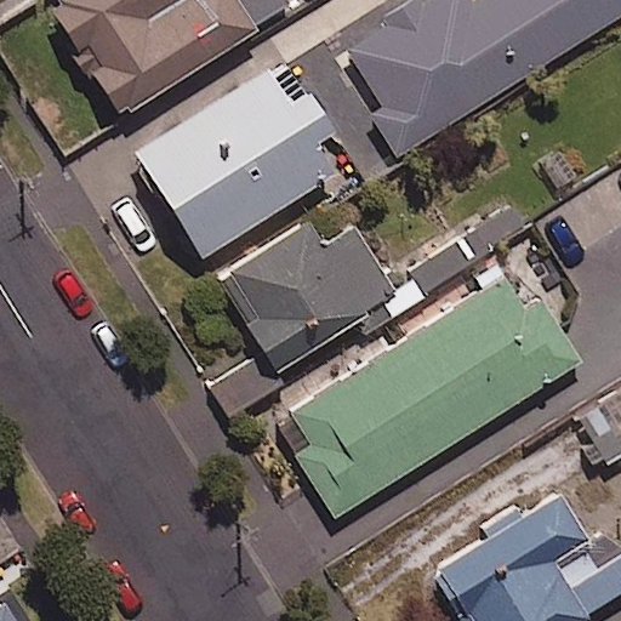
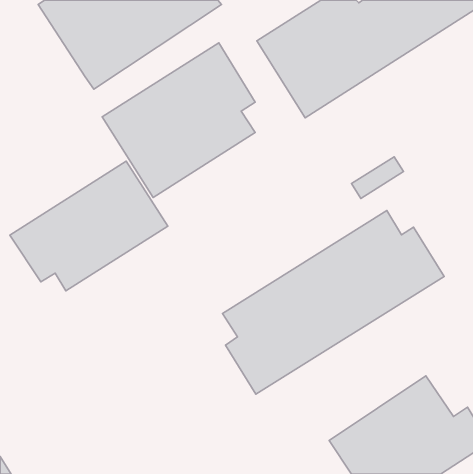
building: none -> [10,161,168,291]
building: [206,222,398,417] -> none

